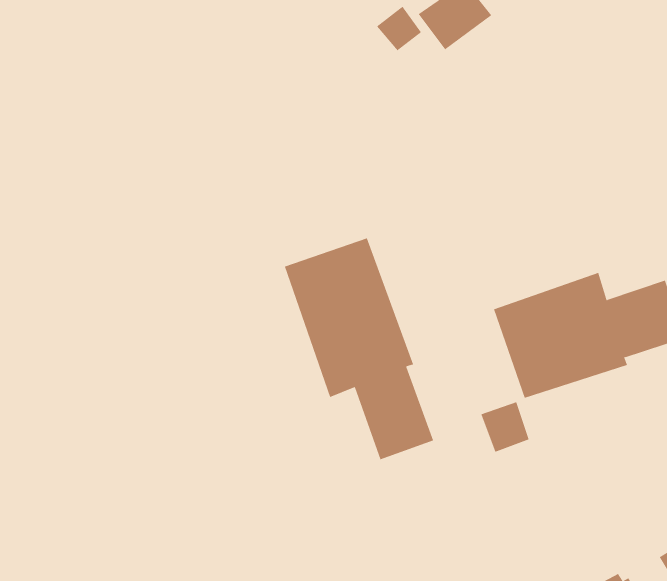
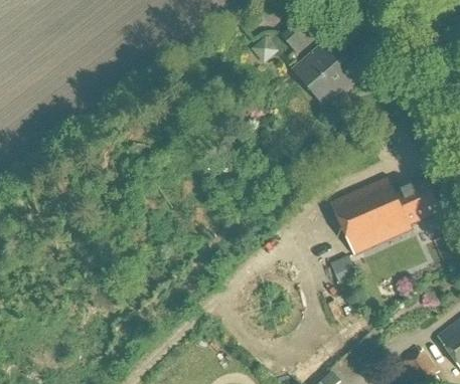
building: none -> [292,37,377,107]
building: [284,237,434,460] -> none

